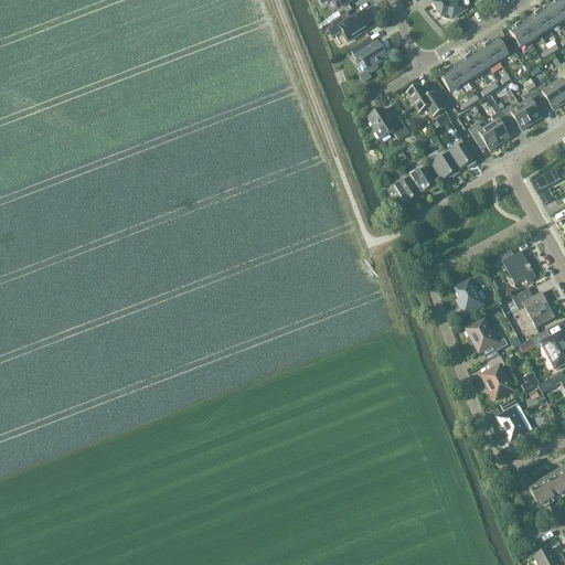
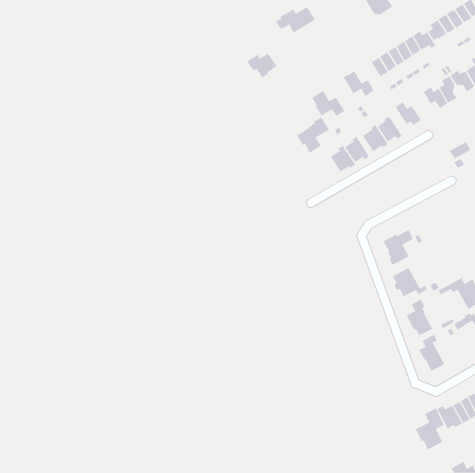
building: [352,40,388,70] -> [247,53,278,78]
building: [489,102,511,142] -> none
building: none -> [296,116,330,154]
building: [498,247,537,284] -> none
building: [513,288,556,327] -> none
building: none -> [415,408,445,450]

